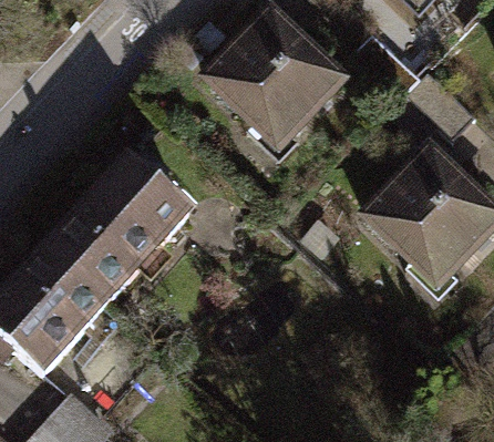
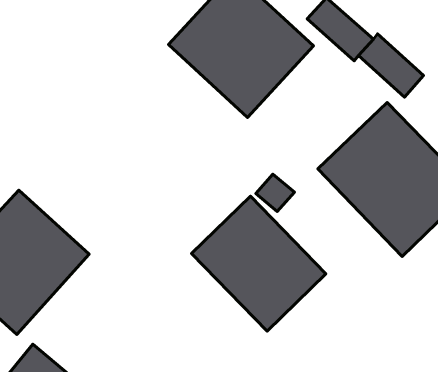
building: [48,148,197,298] -> none
building: none -> [191,196,326,331]

